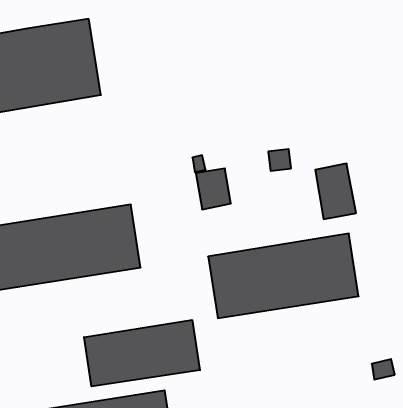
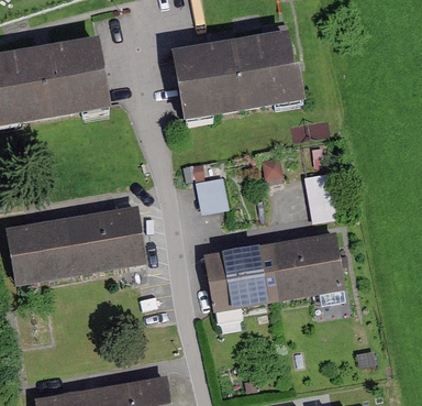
building: none -> [175,40,319,129]
building: [84,320,200,386] -> none

